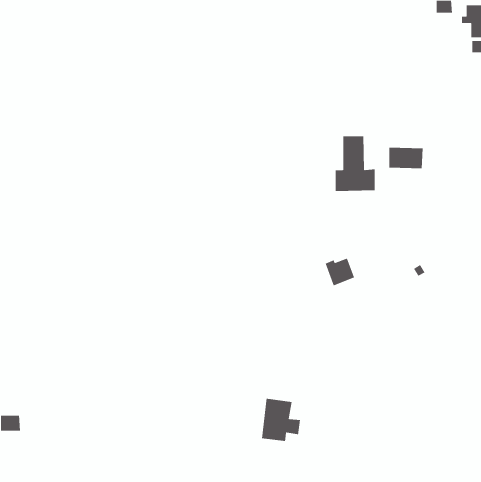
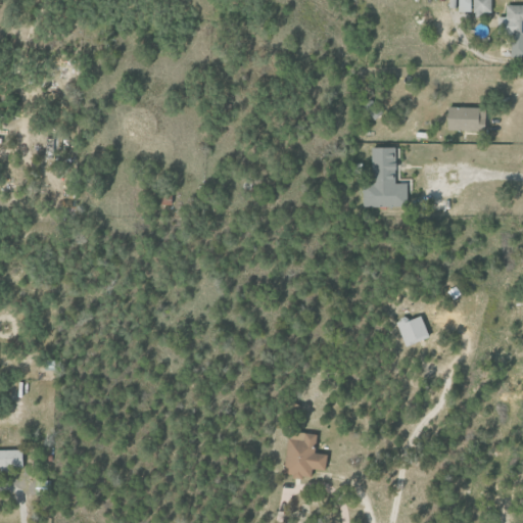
building: [389,147,424,169] -> [446,107,484,131]
building: [325,258,355,286] -> [396,316,429,346]

